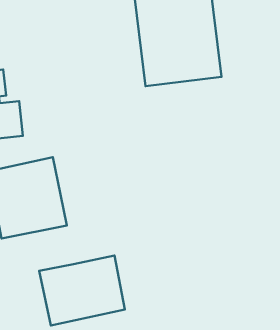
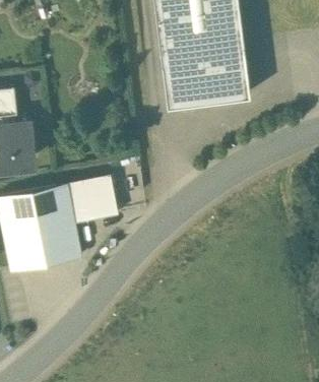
building: none -> [66,176,118,225]
building: [39,255,125,325] -> none

